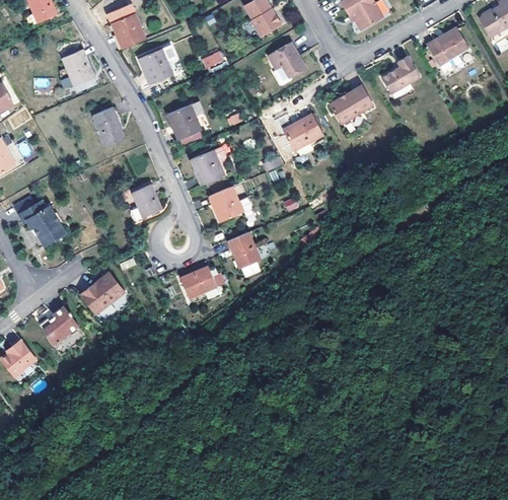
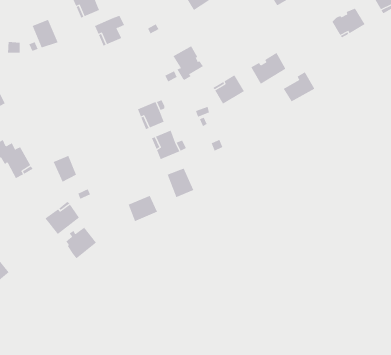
building: [268,44,306,86] -> [172,46,204,80]
building: [381,58,421,95] -> [283,72,315,102]
building: [167,104,202,139] -> none
building: [93,105,126,146] -> none
building: [133,184,162,217] -> [53,155,77,182]
building: [40,307,78,347] -> [65,227,97,259]

